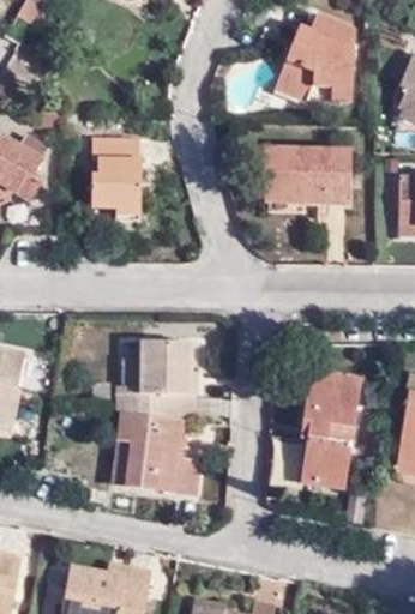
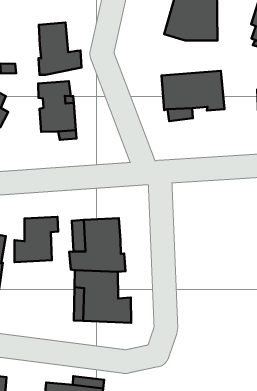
building: none -> [39,23,81,75]
building: none -> [15,217,58,262]
building: [296,374,359,489] -> none

